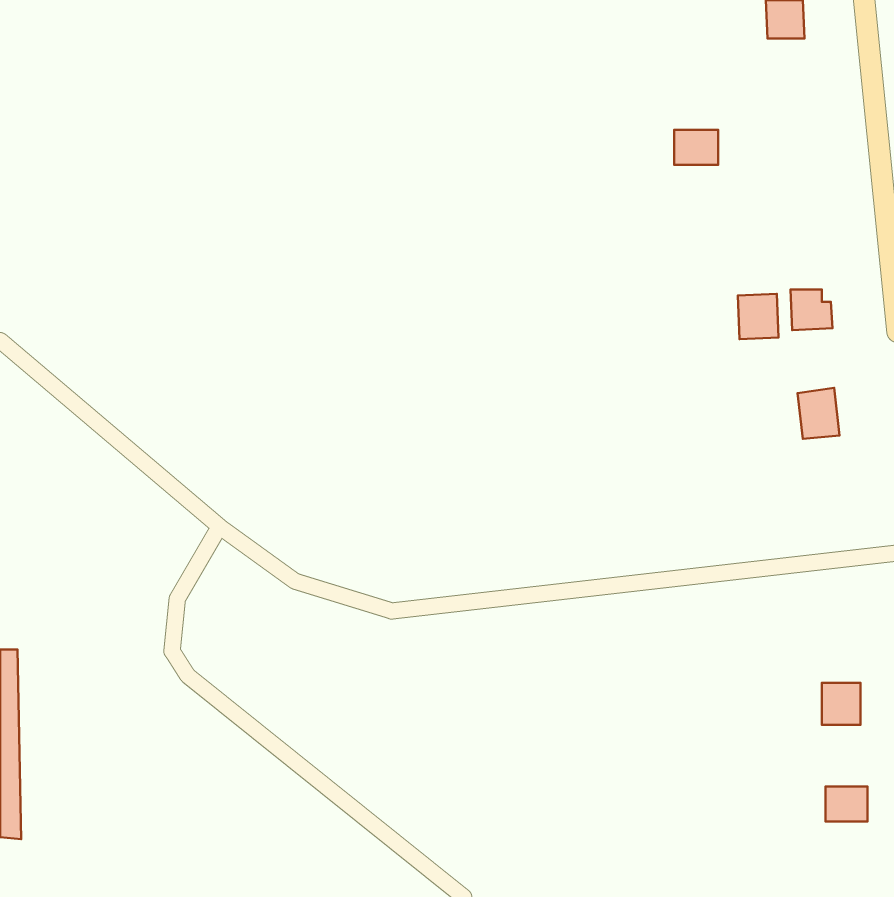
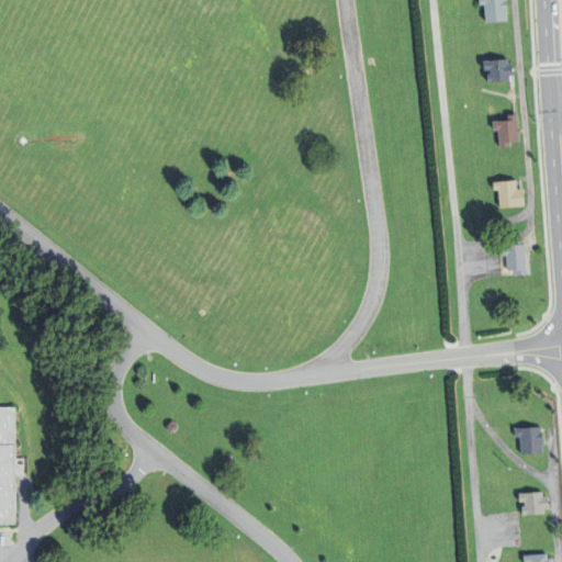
building: [674,130,718,165] -> [483,61,510,83]
building: none -> [492,117,518,145]
building: [738,294,779,339] -> none

